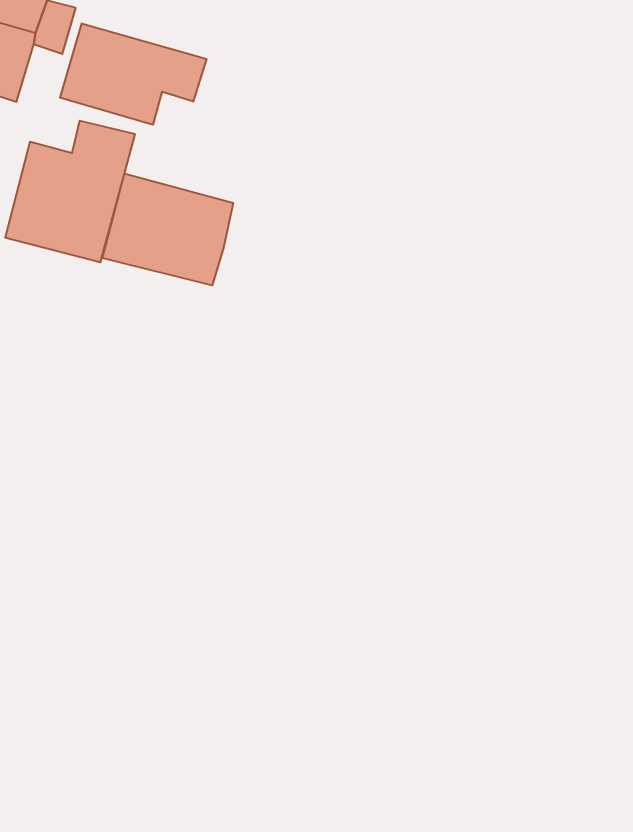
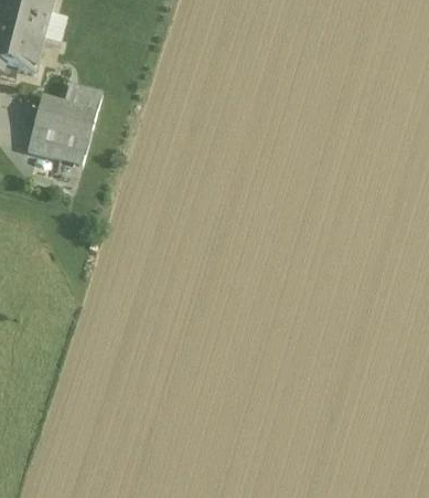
building: [60,23,206,125] -> none
building: [102,173,233,285] -> none

